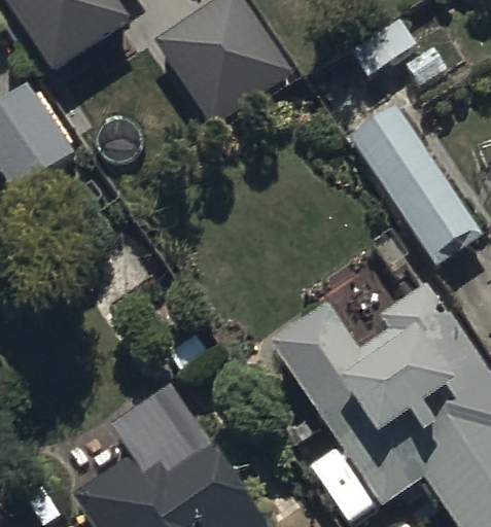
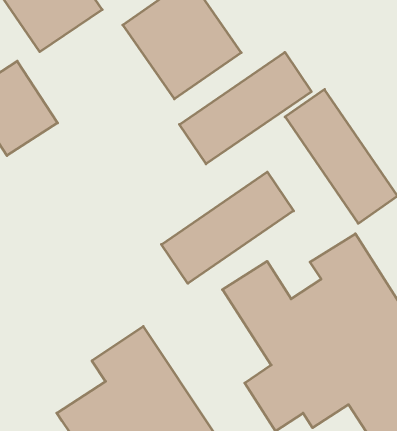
building: none -> [179,52,311,164]
building: none -> [161,172,294,283]

